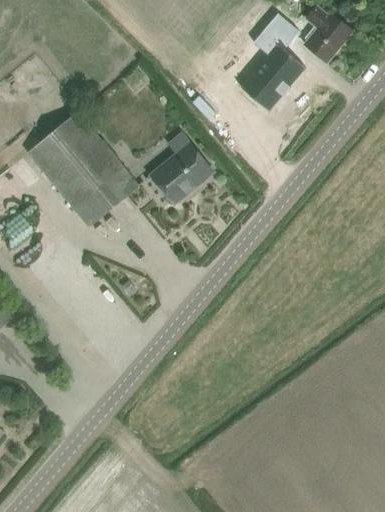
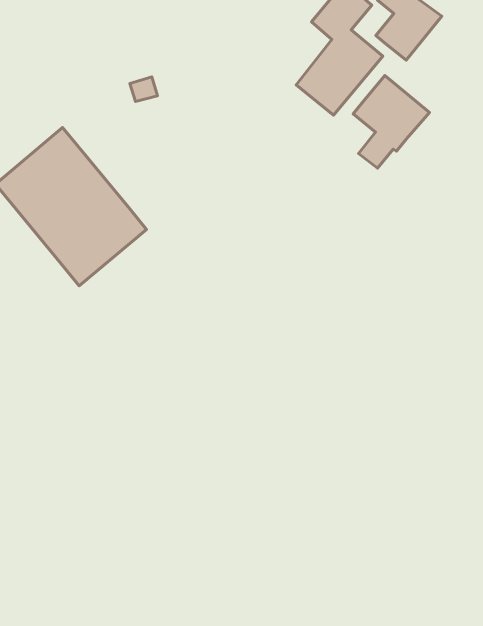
building: none -> [353,75,430,168]
building: [149,134,210,206] -> none

